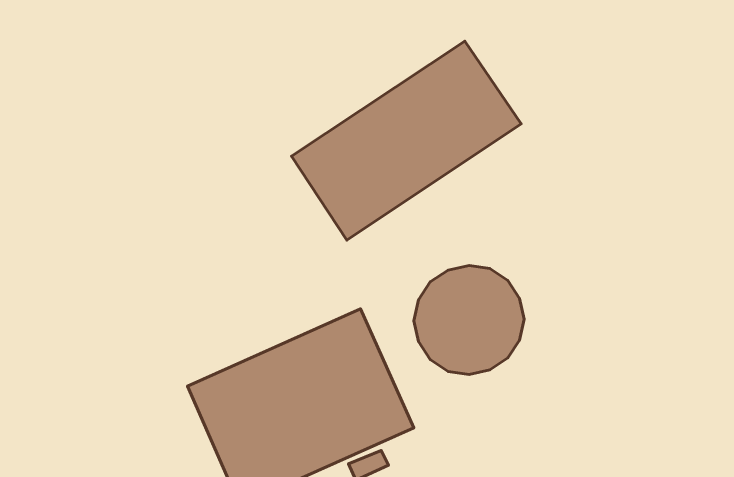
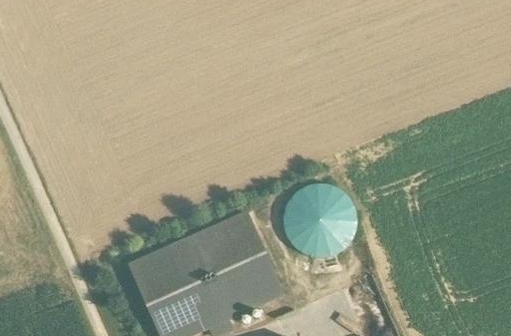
building: [292,41,521,240] -> none

